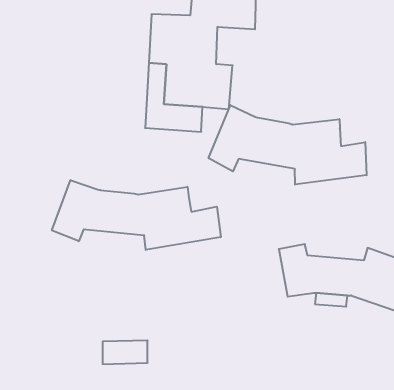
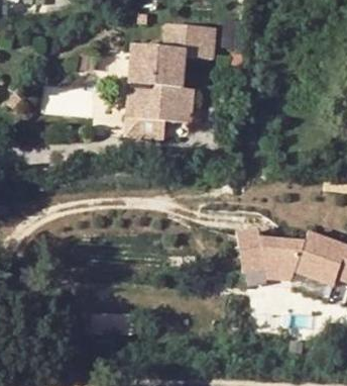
building: [209,105,367,185] -> none
building: [52,180,221,250] -> none

